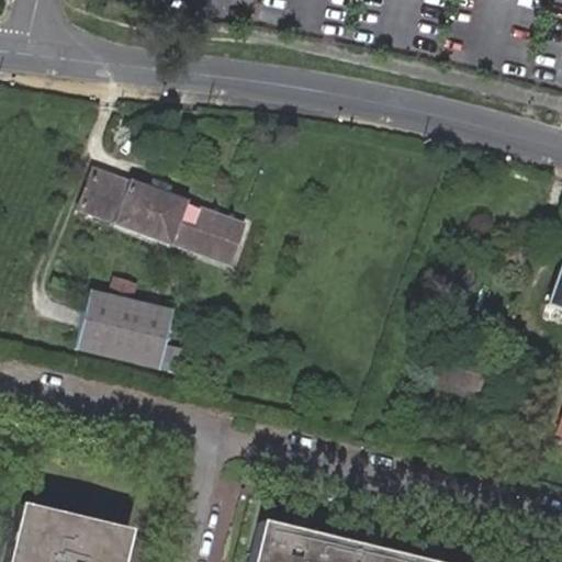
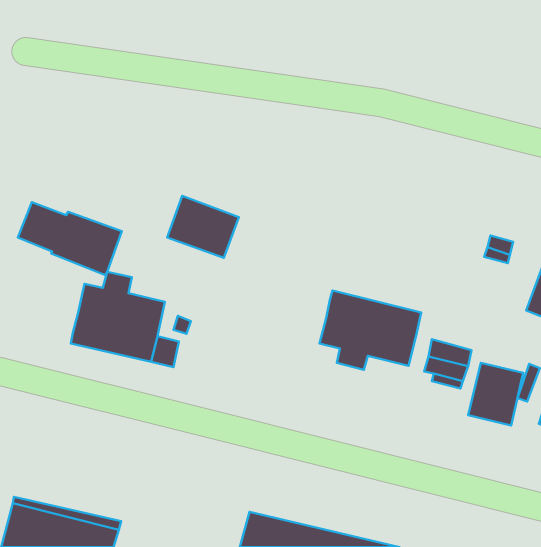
building: [87,171,193,246] -> [18,202,122,275]
building: none -> [320,290,421,370]
building: none -> [468,363,523,426]

